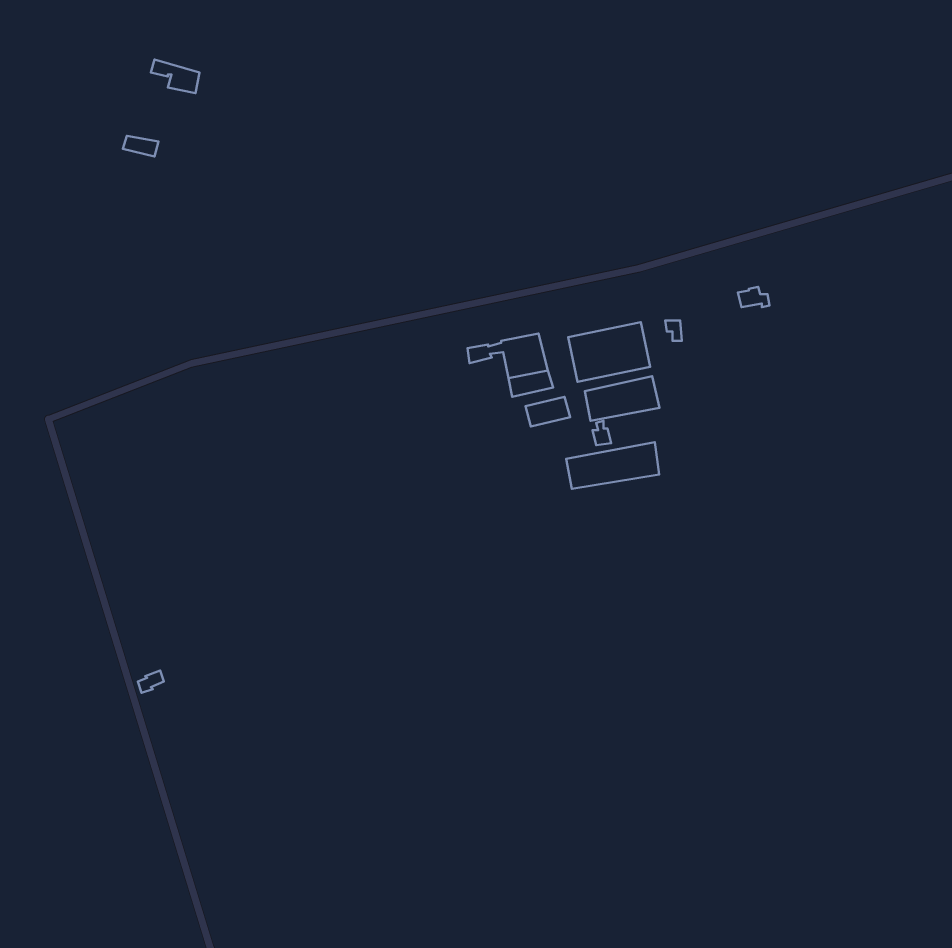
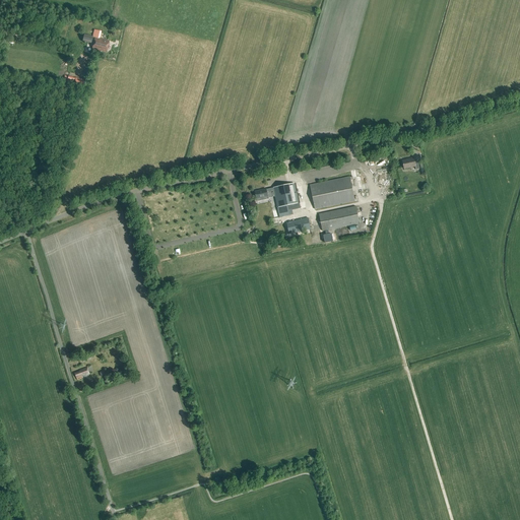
building: [566,442,659,489] -> none

